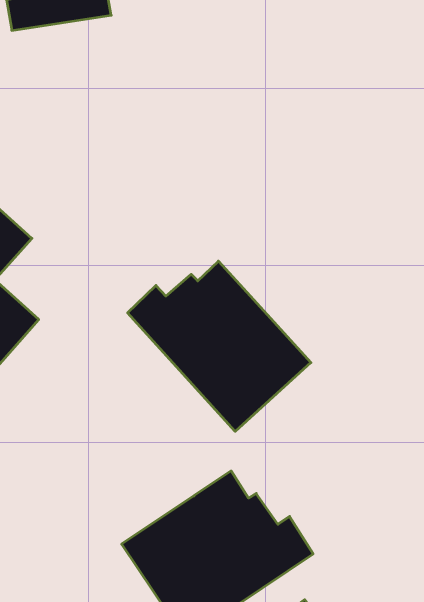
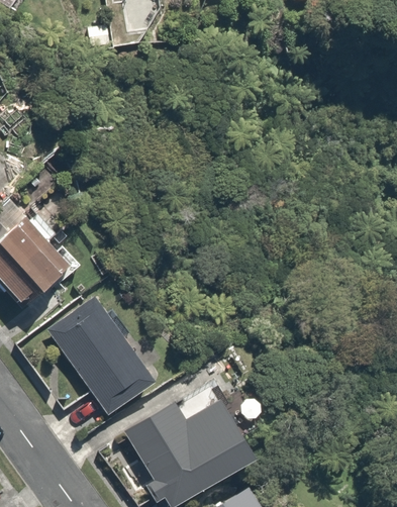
building: [128,261,311,431] -> none
building: none -> [45,298,155,413]

